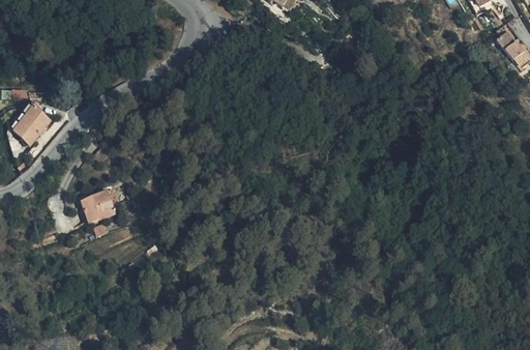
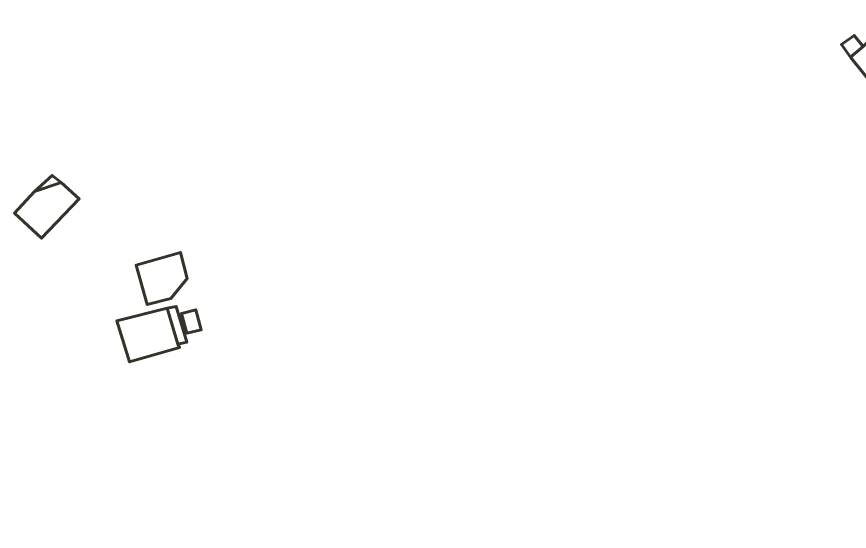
building: none -> [136,253,187,305]

